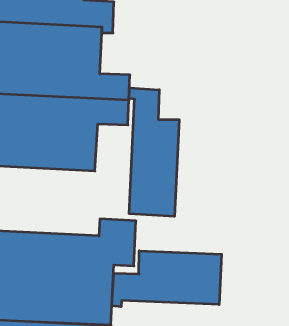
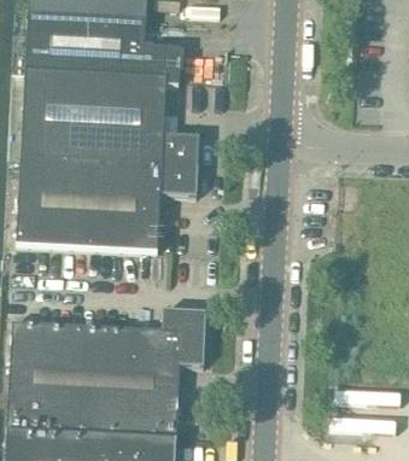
building: [129,88,179,216] -> none
building: [112,251,222,307] -> none

